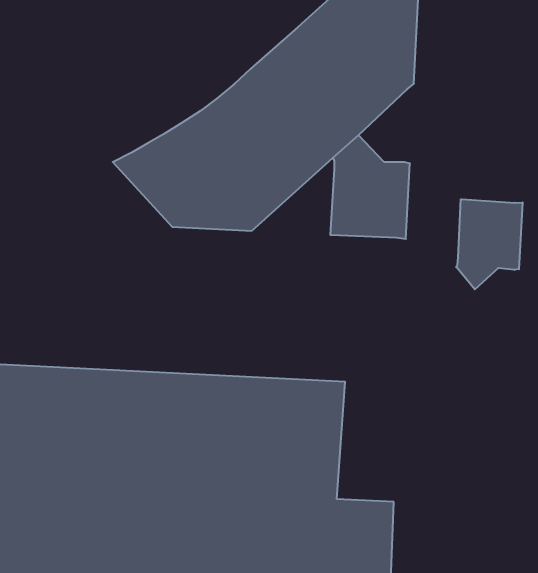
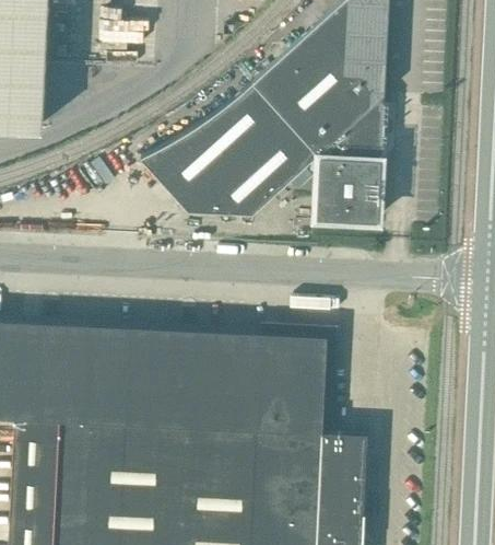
building: none -> [338,102,391,161]
building: [456,199,523,289] -> none

